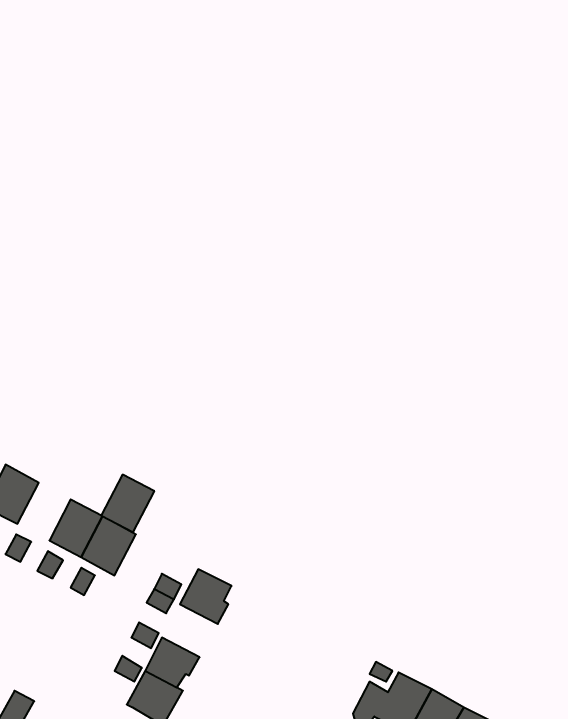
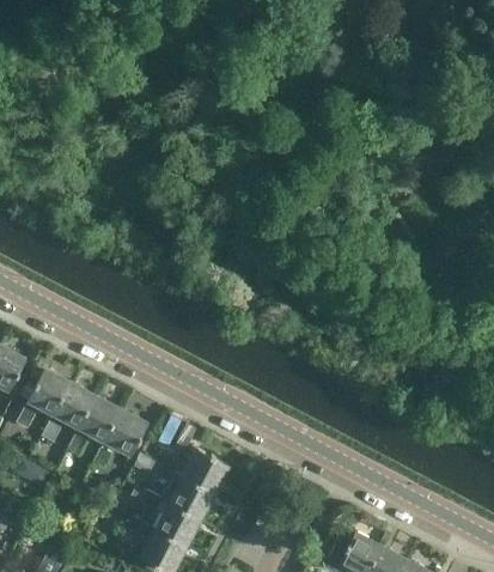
building: [101,475,154,532] -> [53,383,94,428]
building: none -> [166,479,211,521]

